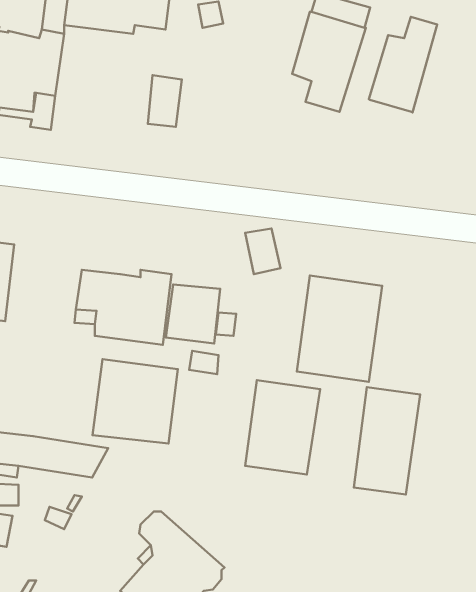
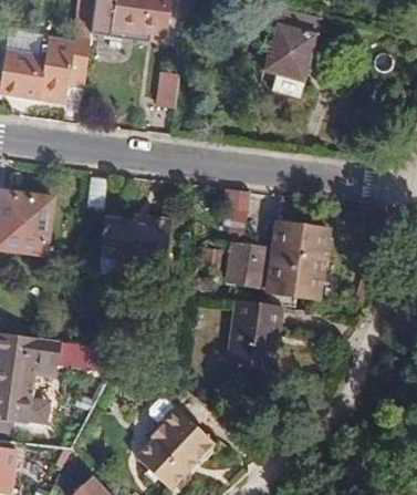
building: [369,17,437,113] -> none
building: [166,285,220,344] -> [225,243,265,287]
building: [93,359,178,443] -> none
building: [354,387,420,495] -> none

